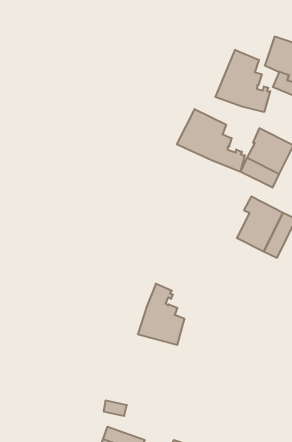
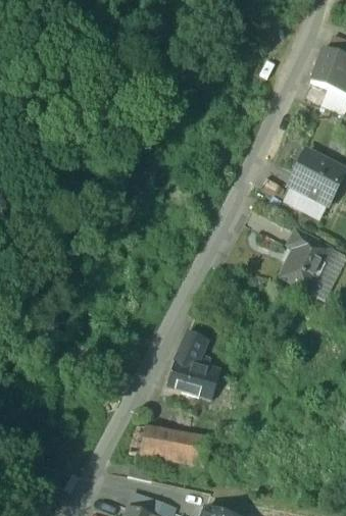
building: [215,50,270,112] -> none
building: [177,109,245,172] -> none
building: none -> [130,424,209,463]

